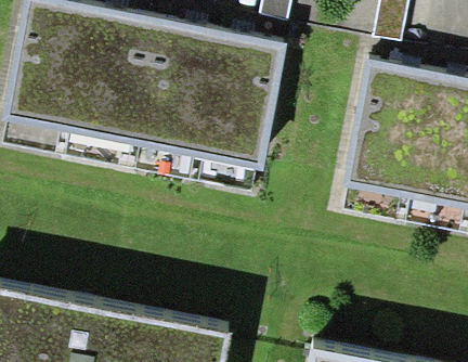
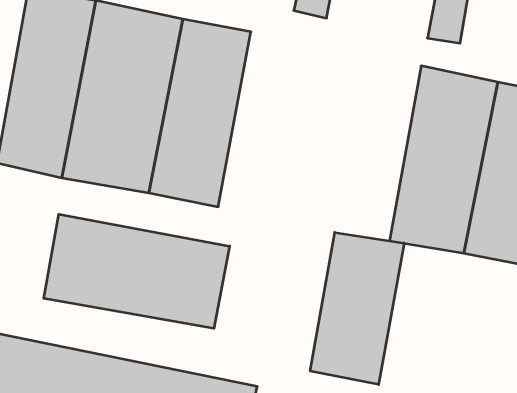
building: [194,29,287,190] -> none
building: none -> [44,214,230,328]
building: none -> [310,232,404,385]

